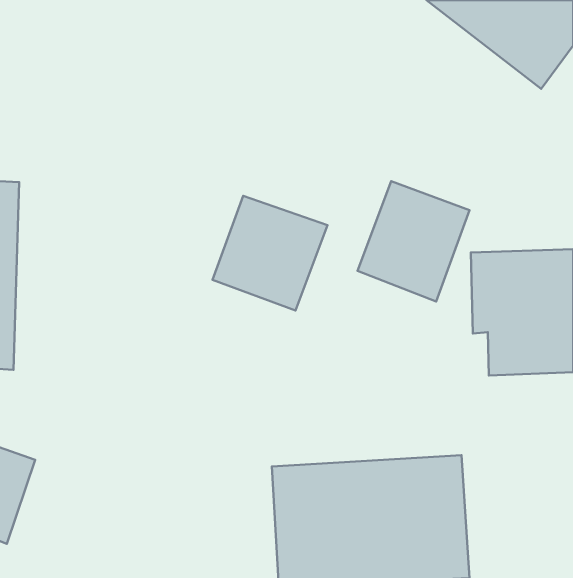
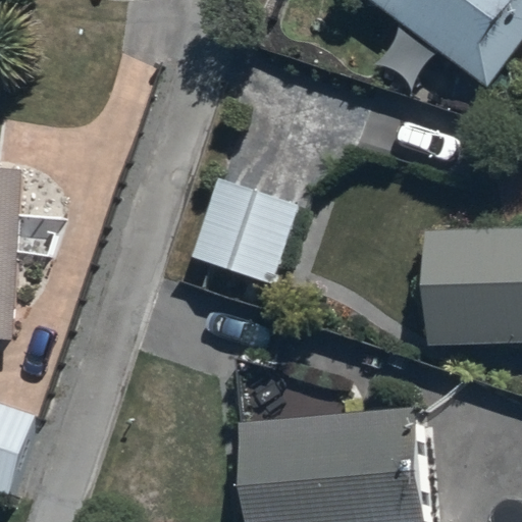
building: [358,181,470,301] -> none

